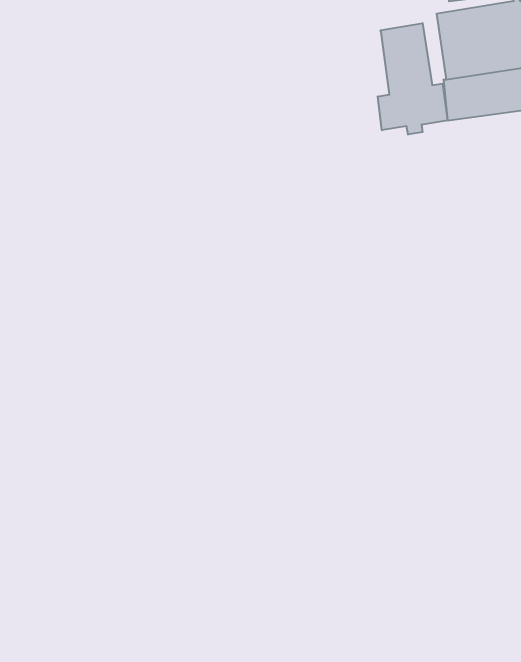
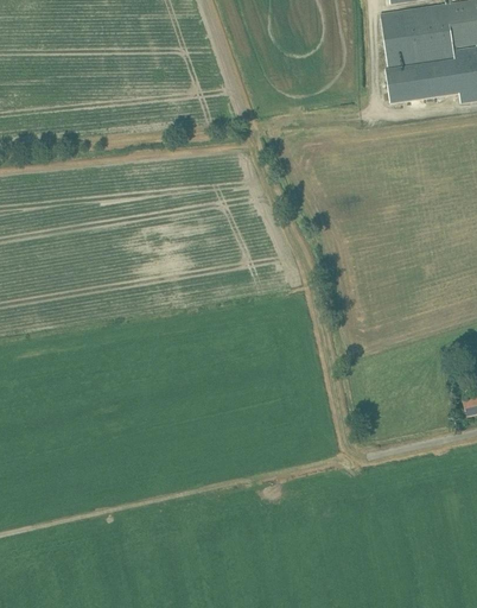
building: [378,23,448,135] -> none

